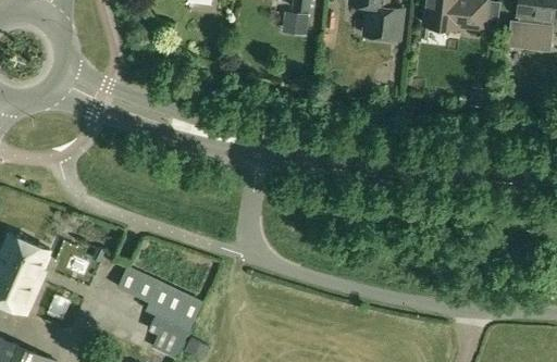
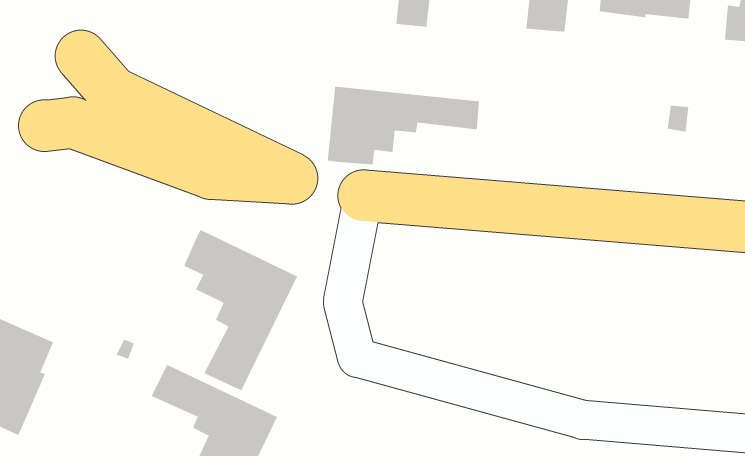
building: none -> [327,86,479,165]
building: none -> [184,229,298,391]

